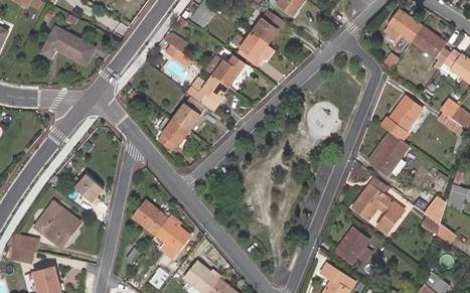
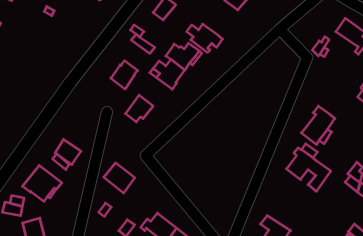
building: [383,8,422,41] -> none
building: [251,10,284,45] -> none
building: [42,27,96,64] -> none
building: [382,96,423,142] -> none
building: [174,97,206,131] -> [111,61,138,89]
building: [156,214,191,259] -> none
building: [335,227,373,265] -> none

